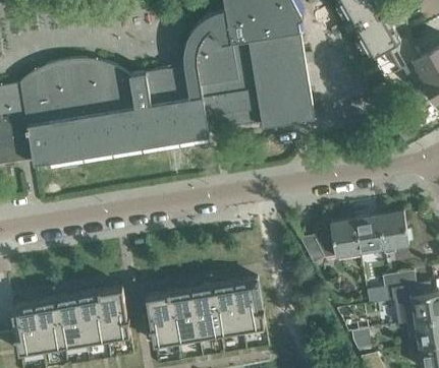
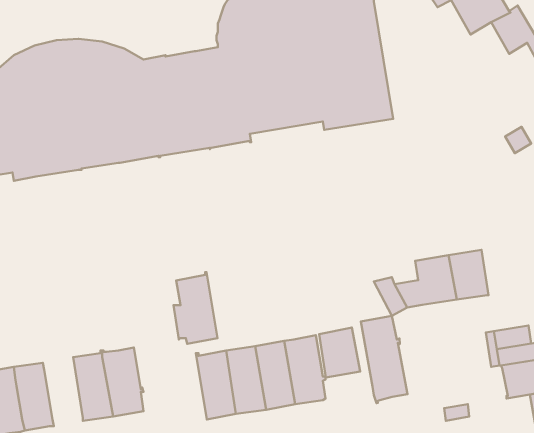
building: [379,212,411,256] -> none
building: none -> [361,316,408,403]
building: none -> [319,328,360,378]
building: [144,293,176,346] -> [173,272,218,344]
building: [55,296,85,347] -> none

